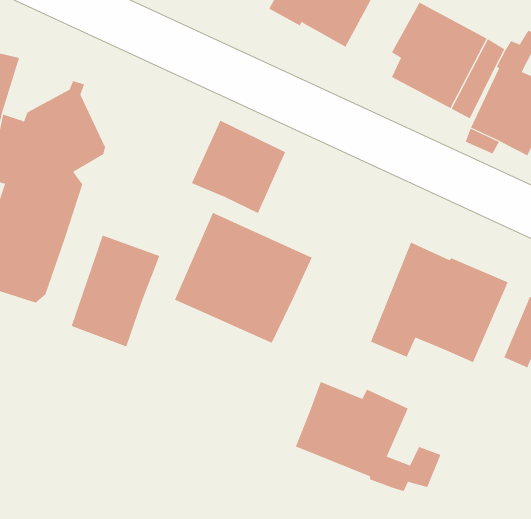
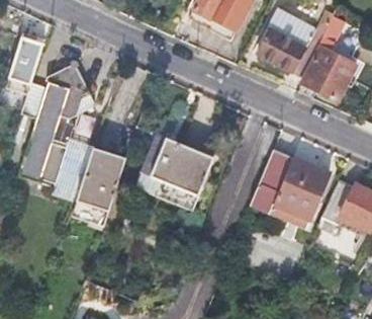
building: [191,120,286,214] -> none
building: [295,381,441,492] -> none

